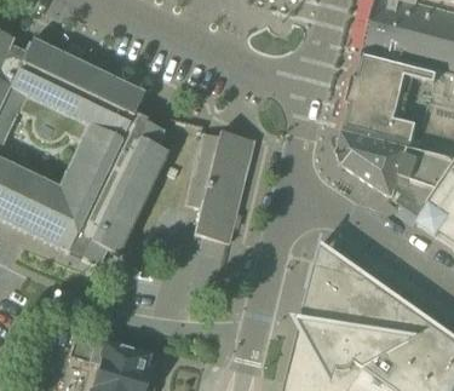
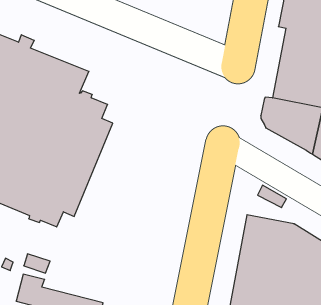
building: [185,130,255,241] -> none

